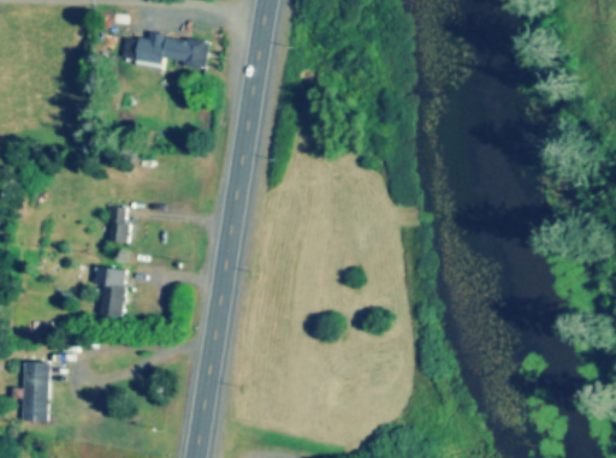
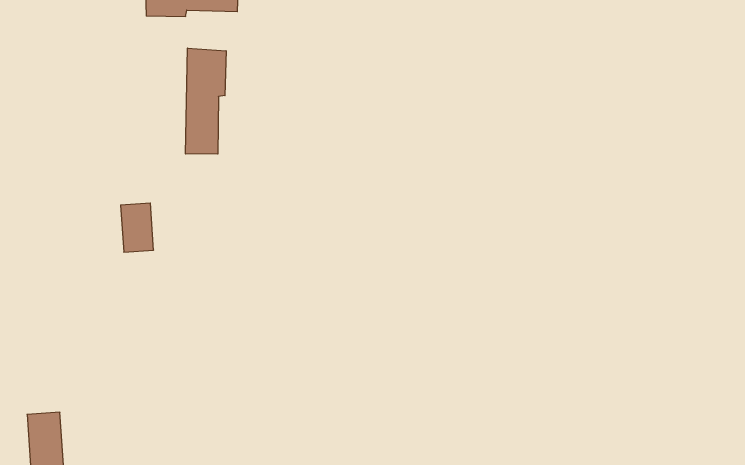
building: none -> [186,48,226,154]
building: [94,266,126,317] -> none

